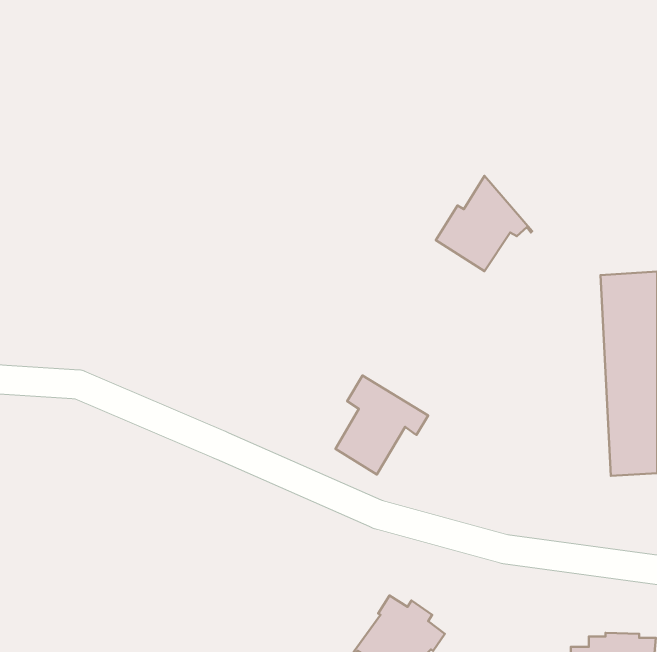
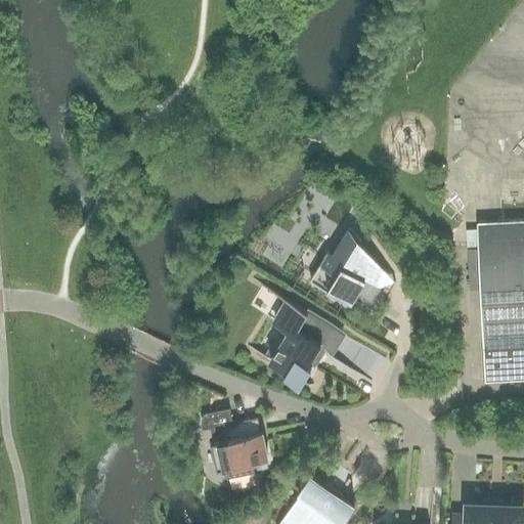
building: [436,176,532,271] -> [311,231,388,307]
building: none -> [202,413,269,484]

